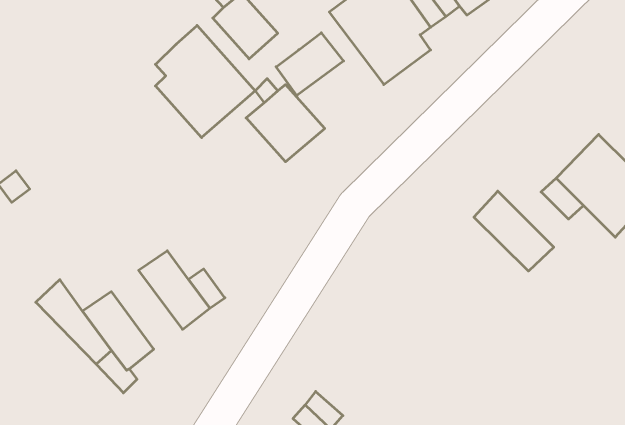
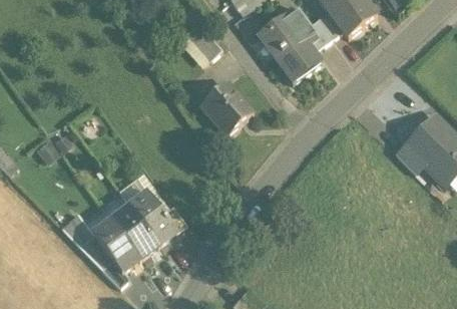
building: [155,25,255,138] -> none
building: [276,33,344,96] -> none
building: [474,191,554,271] -> none
building: none -> [111,206,158,258]

